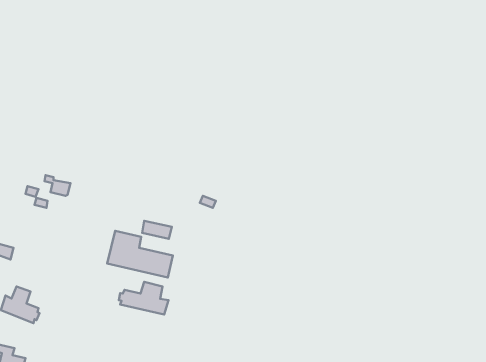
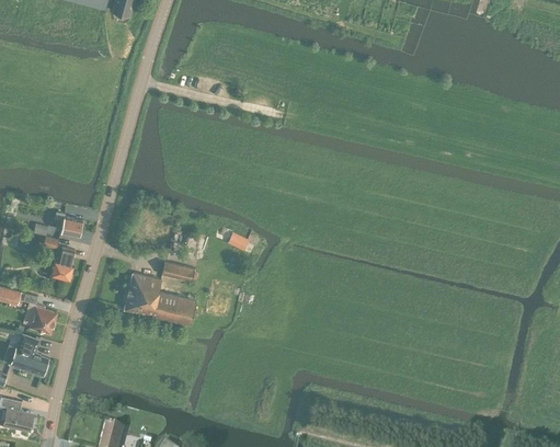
building: none -> [50,245,76,278]
building: none -> [25,303,57,332]
building: [119,282,168,314] -> none

